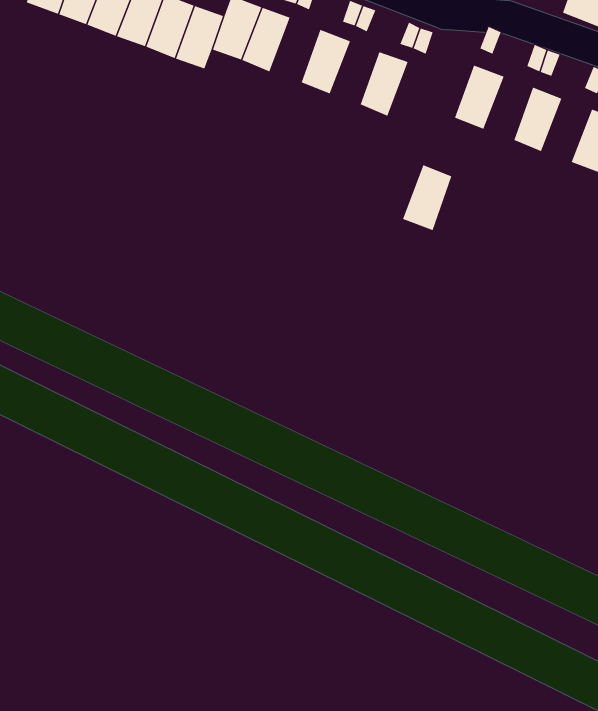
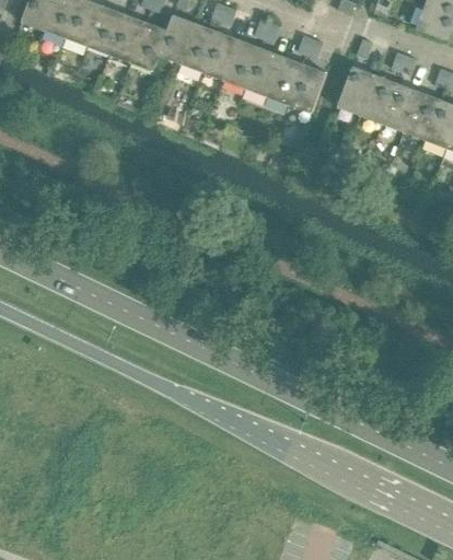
building: none -> [201,31,239,79]
building: none -> [246,48,282,95]
building: none -> [360,74,396,121]
building: none -> [403,91,440,138]
building: [402,164,452,231] -> [289,63,326,113]

